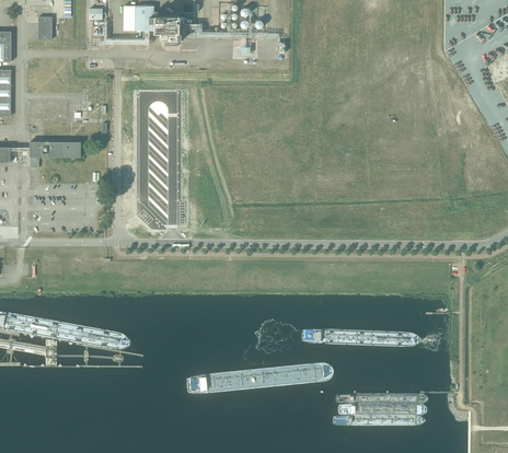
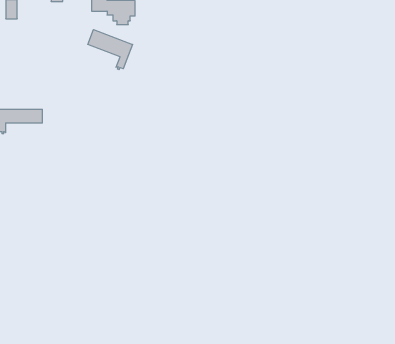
building: none -> [88,30,133,70]

